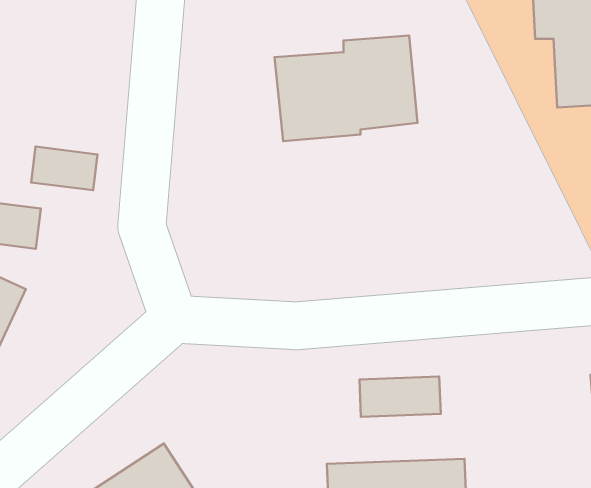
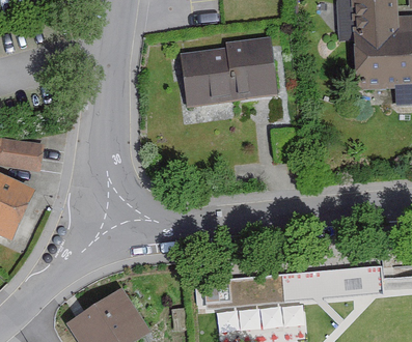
building: [31,147,98,190] -> none
building: [359,377,441,417] -> none

